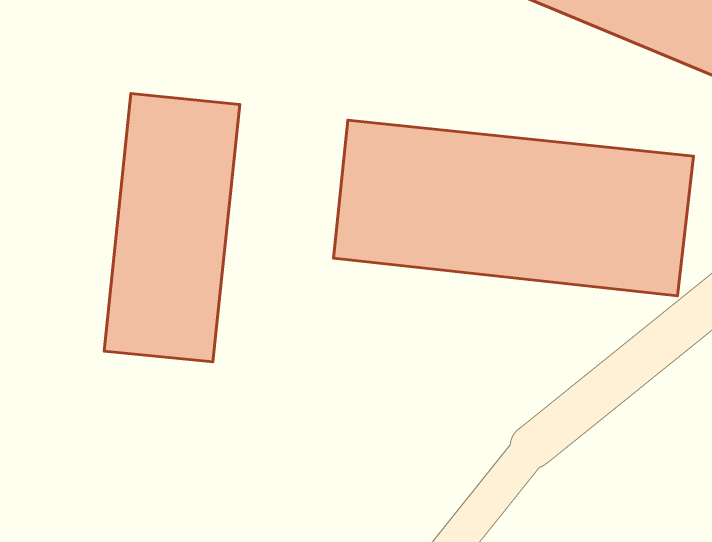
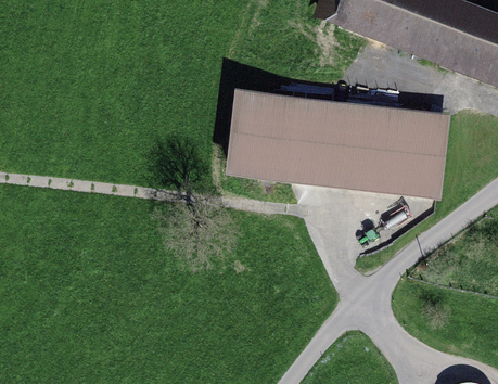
building: [104,94,240,362] -> none

